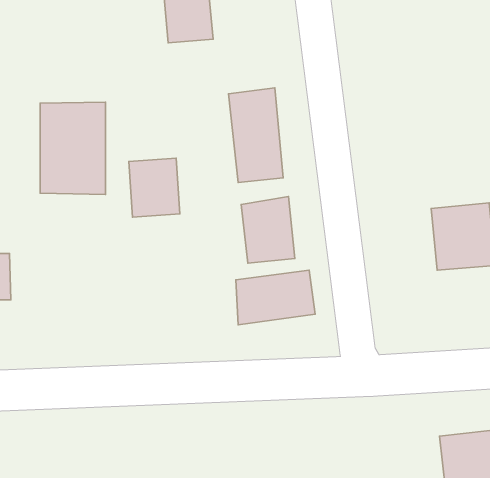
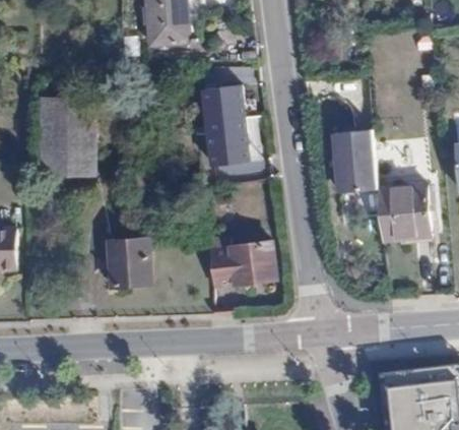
building: none -> [332,130,376,192]
building: [129,158,180,217] -> [108,238,151,289]
building: [241,196,295,263] -> none

